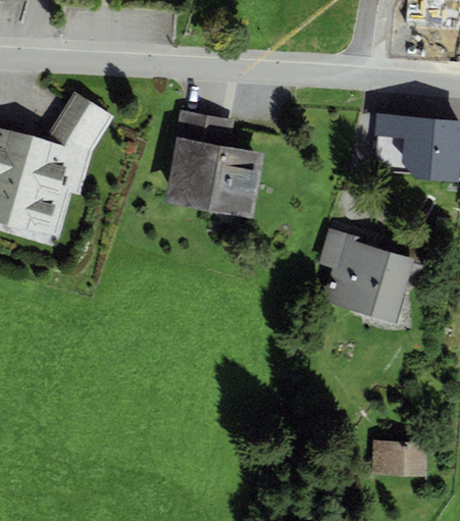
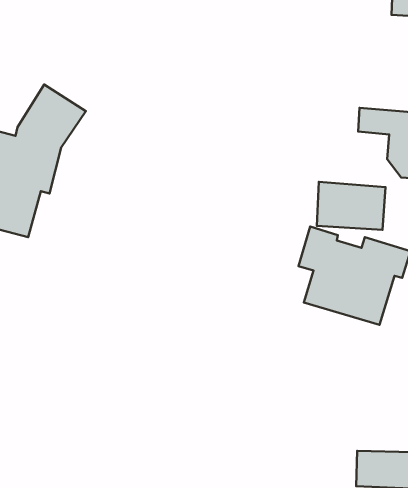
building: [164,112,264,219] -> none
building: none -> [317,182,385,230]

